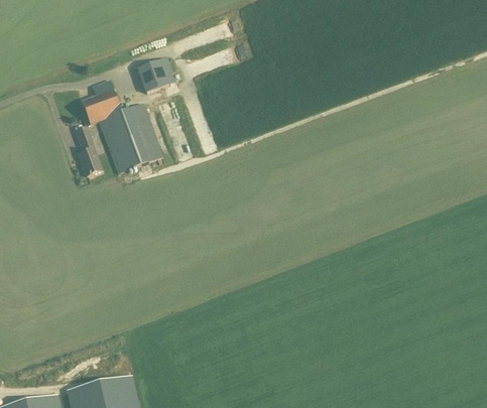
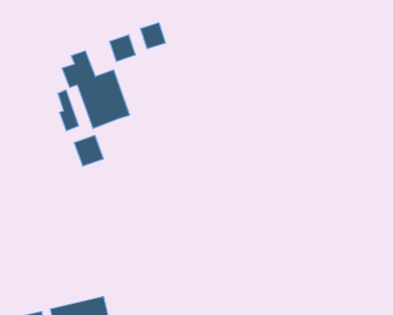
building: none -> [140,23,166,49]
building: none -> [74,135,103,166]

